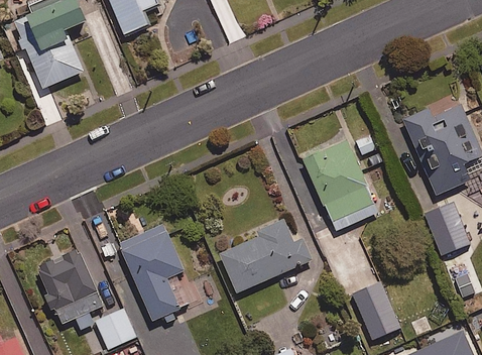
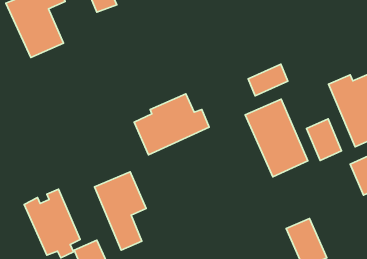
building: none -> [248,64,288,96]
building: none -> [306,119,342,160]
building: [220,219,311,292] -> [134,94,209,155]

